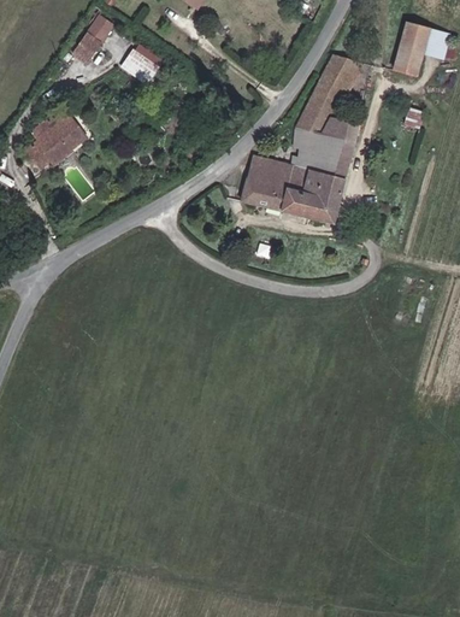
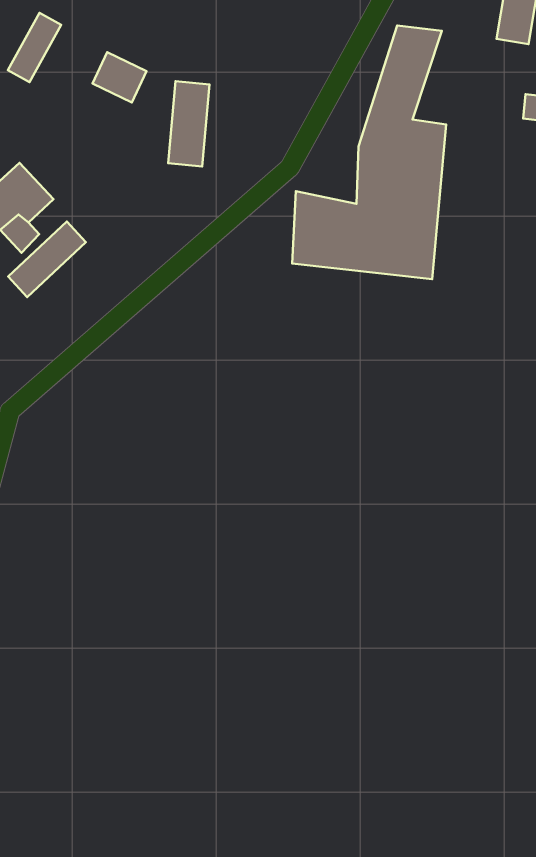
building: none -> [168,81,210,166]
building: none -> [8,222,86,297]

